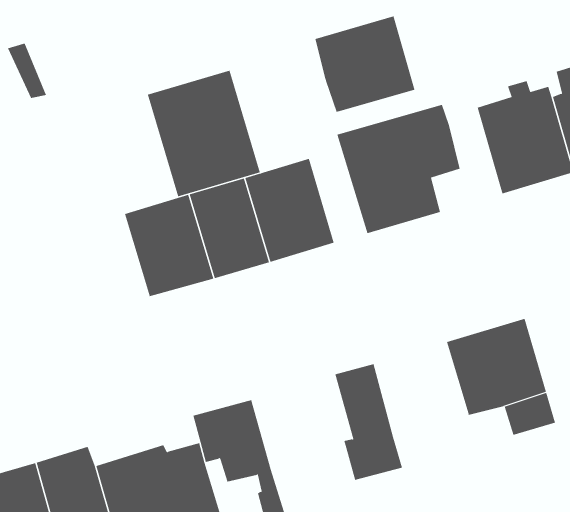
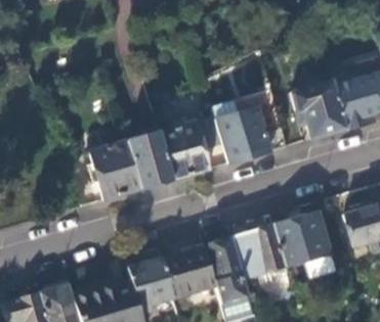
building: [315,16,415,113] -> none
building: [147,70,261,197] -> none
building: none -> [231,224,285,278]
building: none -> [162,244,215,296]

